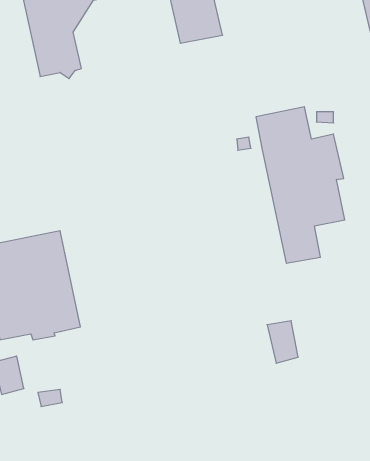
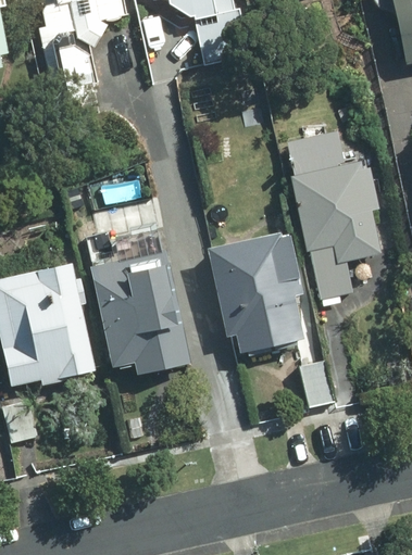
building: none -> [208,234,303,353]
building: none -> [91,252,189,374]

